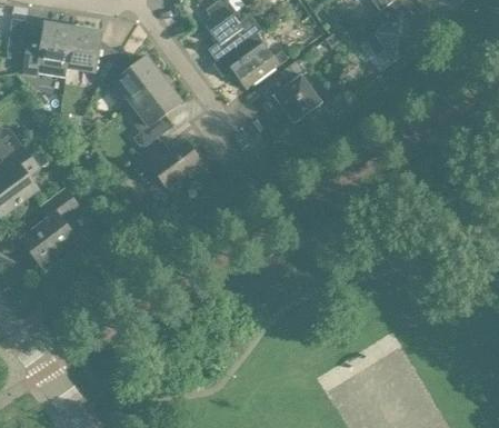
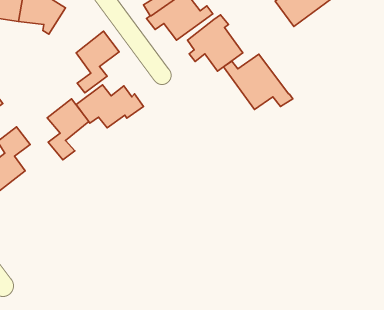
building: [100,51,162,102] -> none
building: none -> [224,54,293,109]
building: none -> [47,99,89,160]

